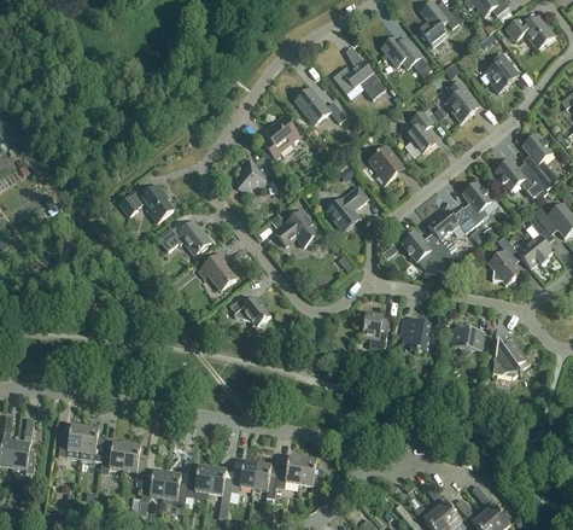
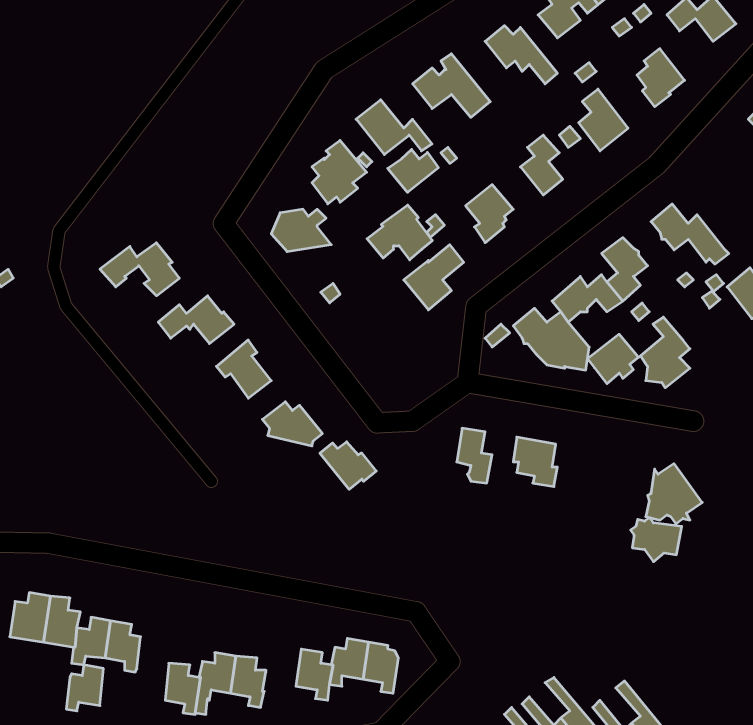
building: none -> [388,149,438,192]
building: [521,133,554,190] -> none
building: [274,209,318,246] -> [367,205,432,260]
building: [516,234,551,268] -> [587,334,639,384]
building: none -> [320,442,376,489]
building: [449,325,484,355] -> [631,518,682,562]
building: [229,460,256,493] -> none
building: [140,470,165,501] -> [66,665,103,711]

